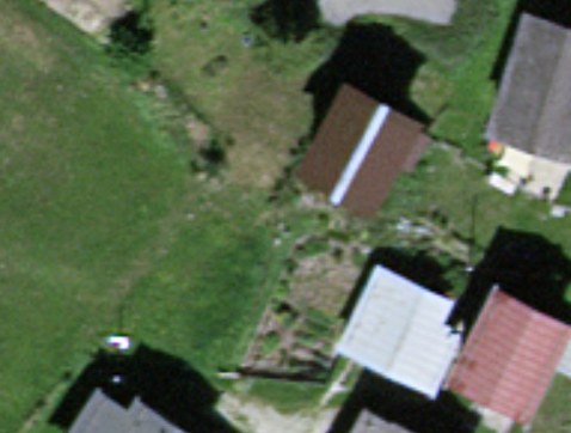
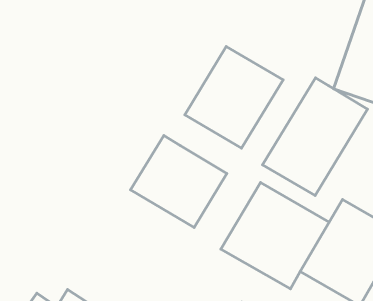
building: none -> [262,78,368,195]
building: none -> [131,136,227,228]

